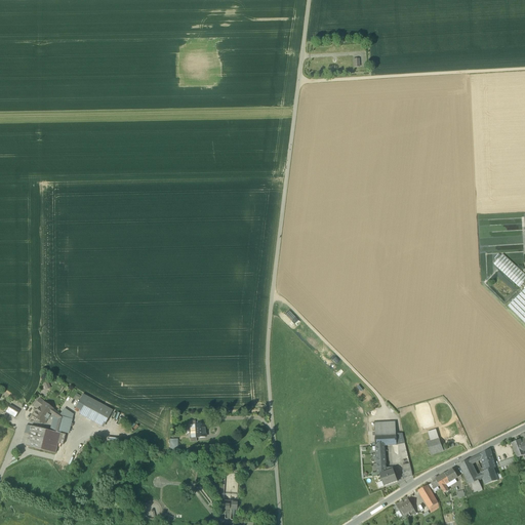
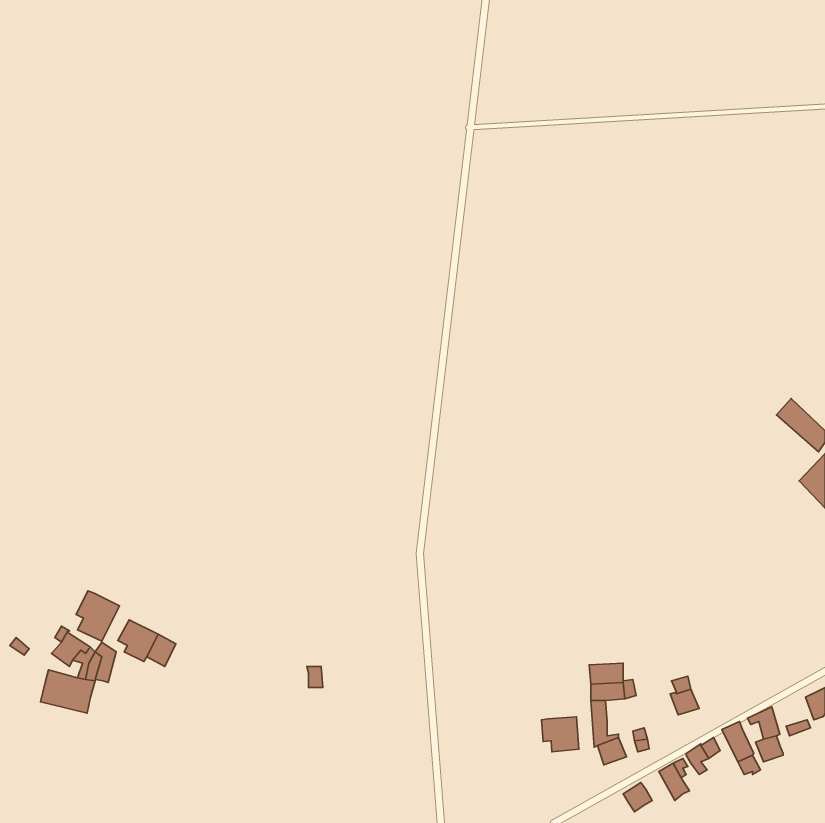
building: none -> [76,591,120,641]
building: none -> [542,717,579,752]

